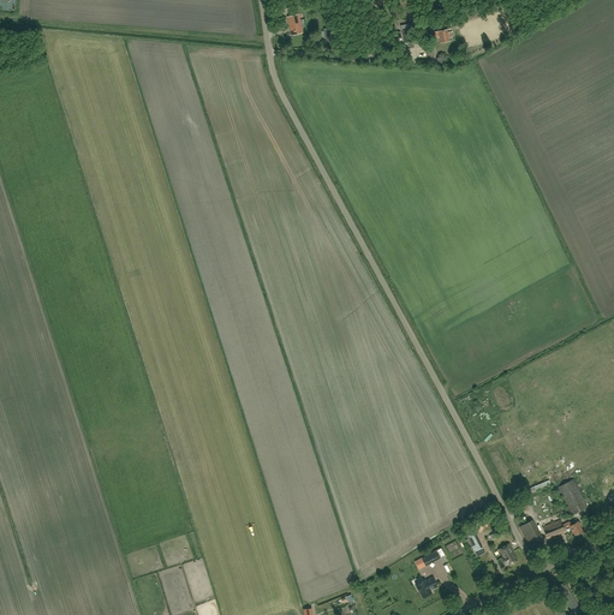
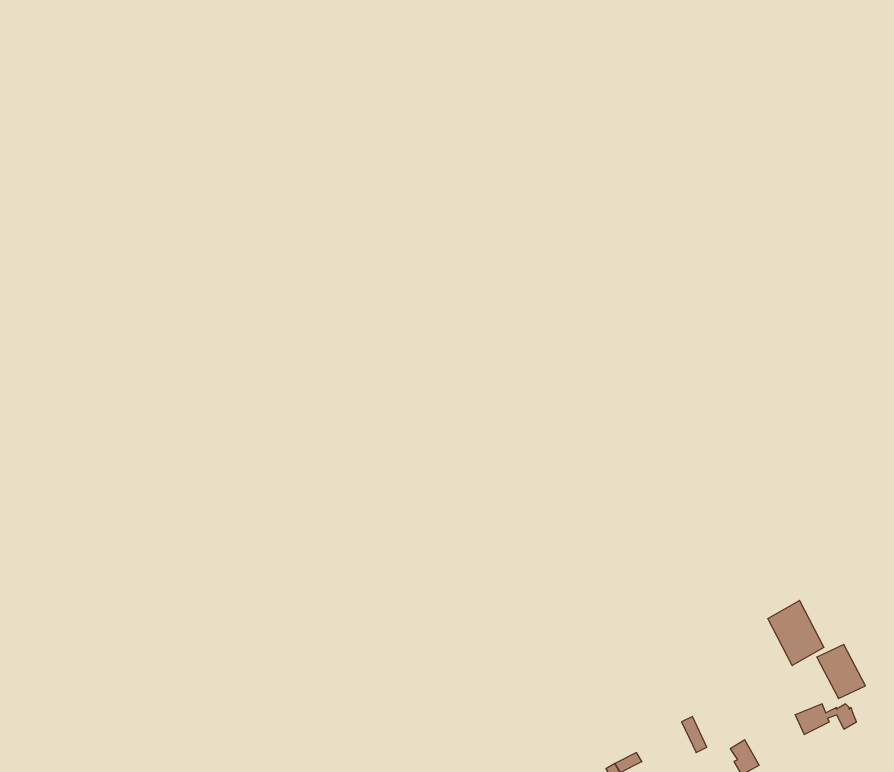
building: none -> [768,600,824,666]

